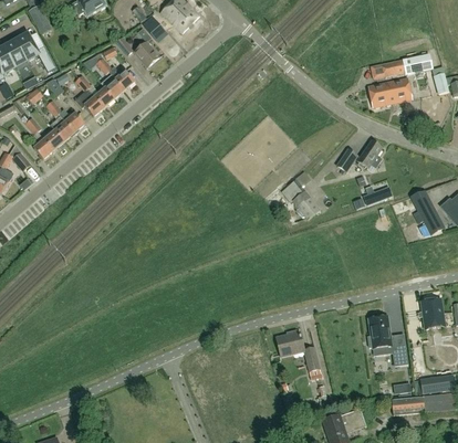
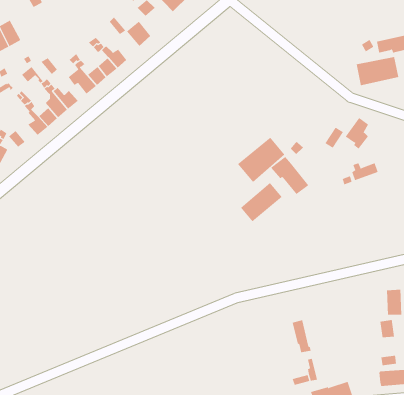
building: [14,33,54,72] -> none
building: none -> [237,137,285,183]
building: none -> [240,182,283,222]
building: [366,316,391,349] -> none
building: [275,330,303,357] -> none

